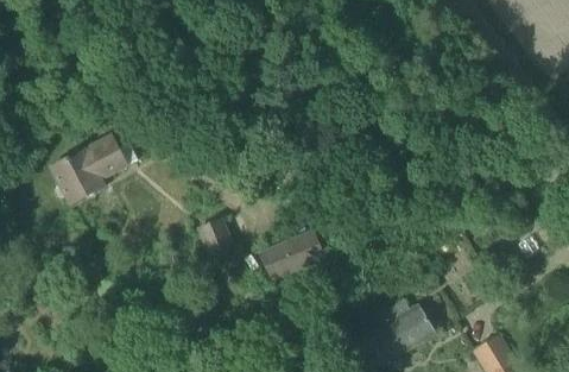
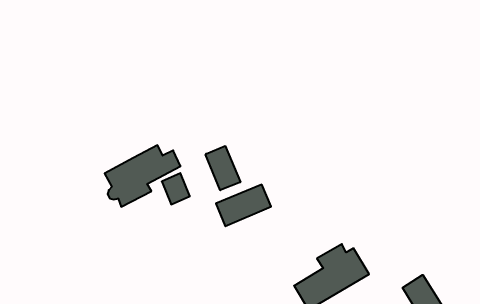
building: [51,134,138,204] -> [105,145,181,207]
building: none -> [206,146,240,190]

